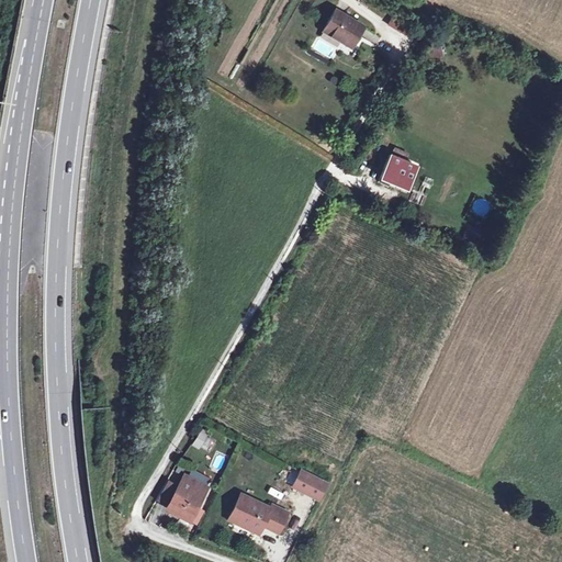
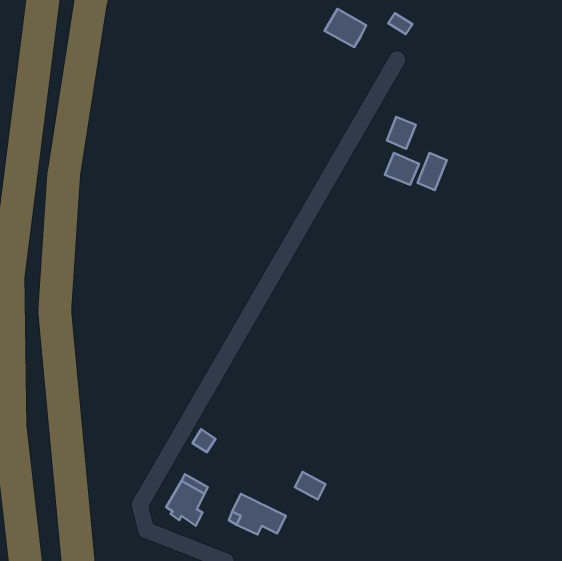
building: none -> [387,117,416,149]
building: none -> [417,153,447,190]

